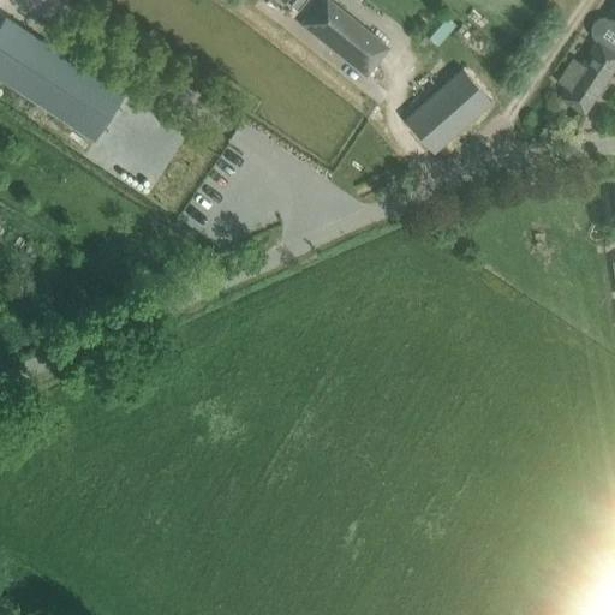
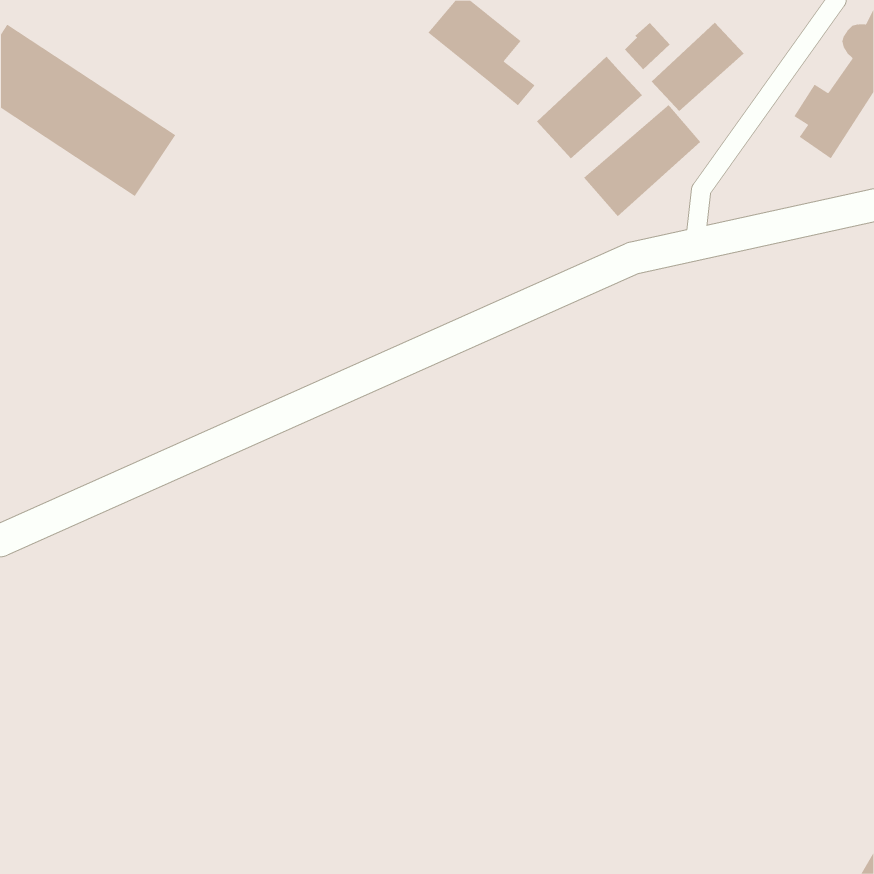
building: none -> [651,22,744,112]
building: none -> [536,56,643,159]

